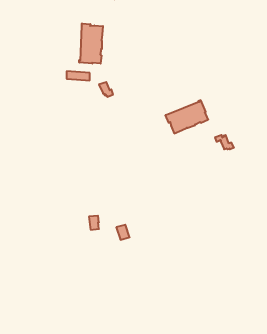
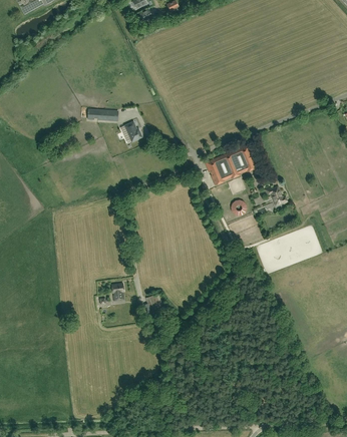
building: [79,23,103,64] -> none

